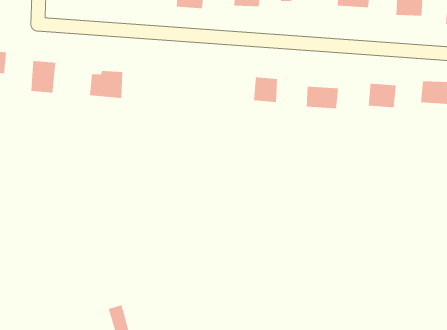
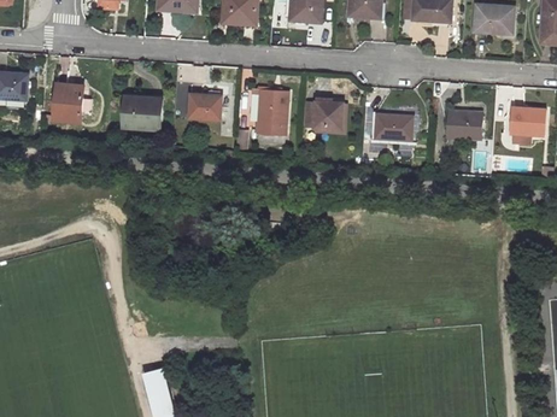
building: none -> [256,89,286,134]
building: none -> [187,92,219,118]

